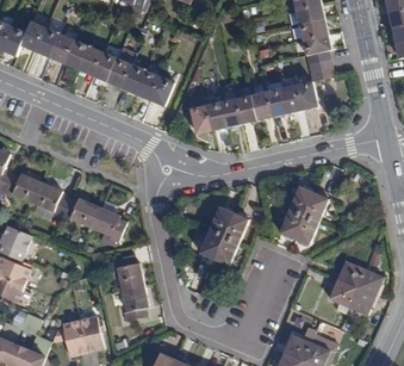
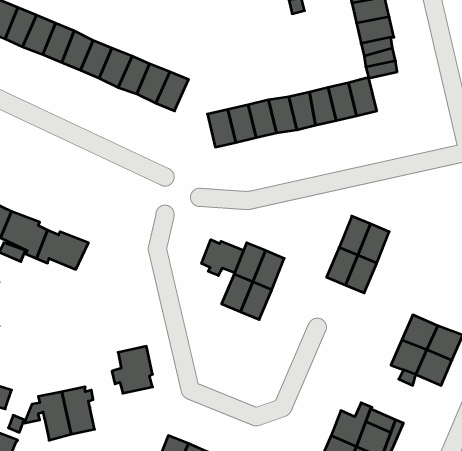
building: [88,199,126,241] -> none
building: none -> [202,240,244,276]
building: [108,254,142,289] -> none

